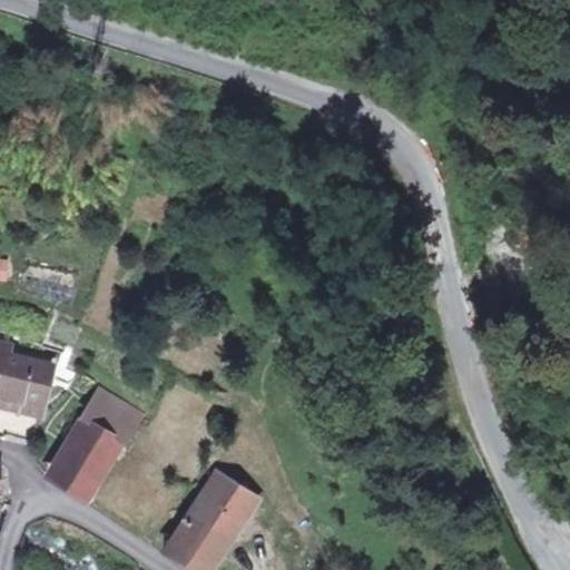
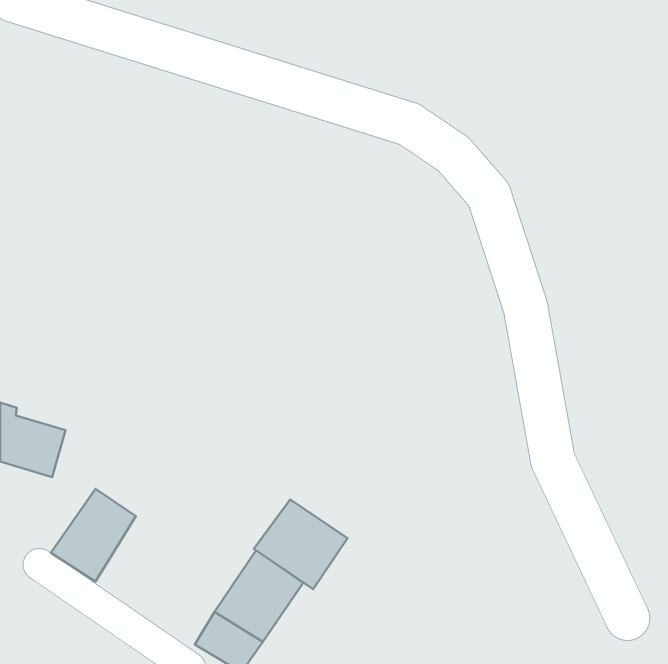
building: [81,391,134,443] -> none
building: none -> [254,500,347,589]

